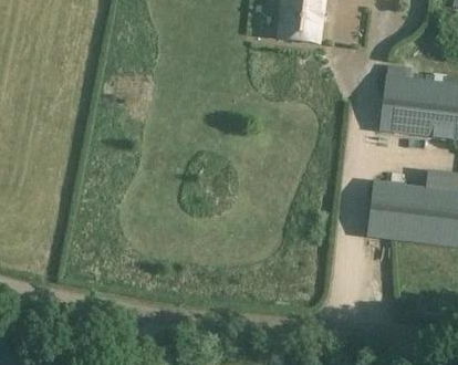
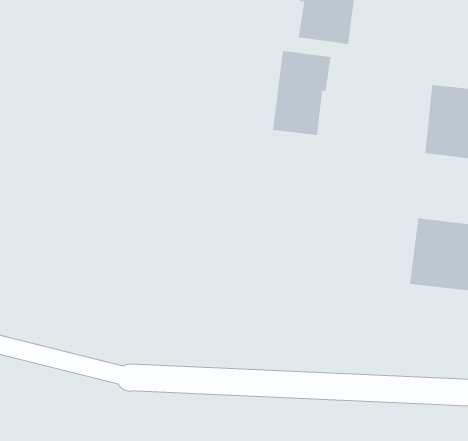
building: none -> [272,50,331,136]

